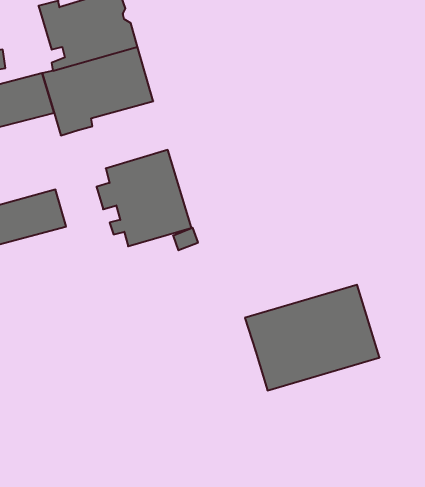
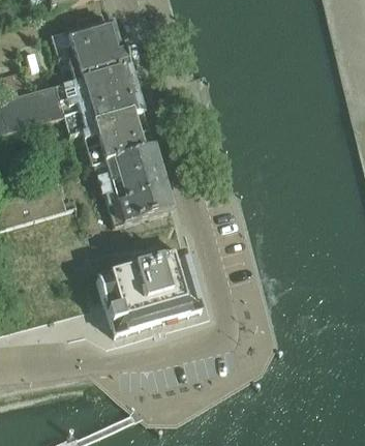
building: none -> [83,107,153,161]
building: [245,285,380,390] -> [96,250,202,333]

